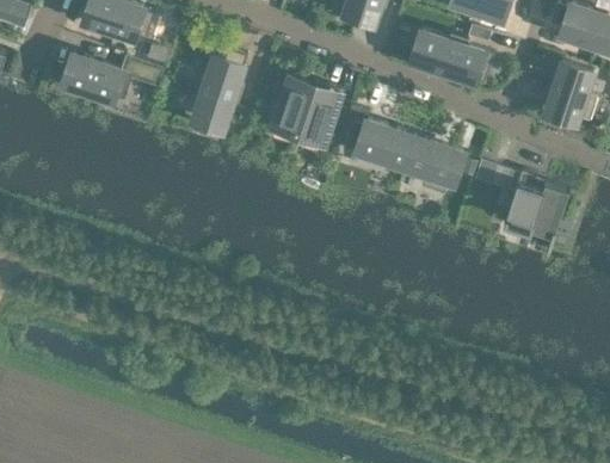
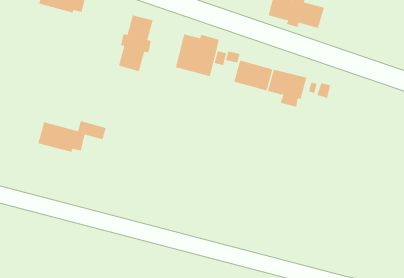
building: [61,53,161,100] -> [38,121,106,153]
building: [544,61,596,119] -> none
building: [501,168,567,251] -> none

